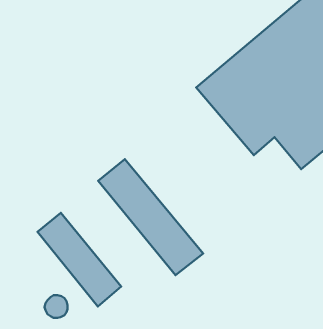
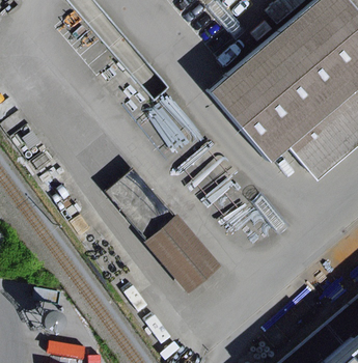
building: [38,213,121,307] -> none

